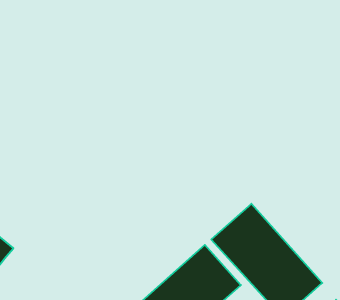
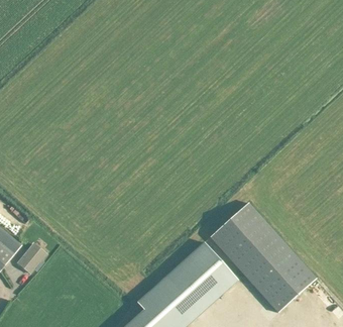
building: none -> [16,241,46,272]

